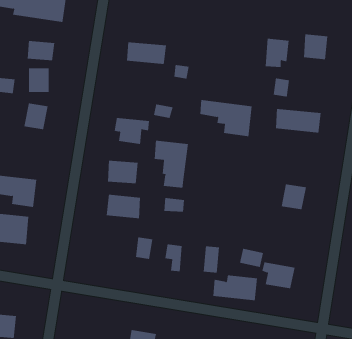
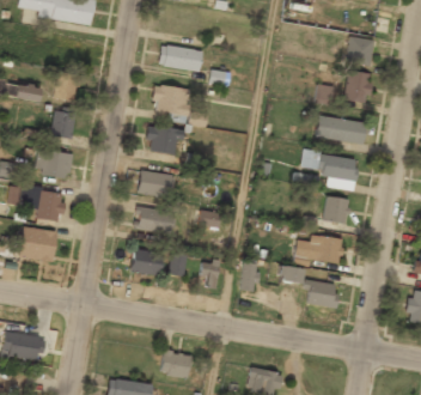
building: [265,38,290,68] -> [346,71,372,102]
building: none -> [152,84,191,117]
building: [199,99,252,137] -> [301,151,358,190]
building: [154,140,188,188] -> none
building: none -> [38,150,72,177]
building: none -> [130,248,164,276]
building: [213,275,258,301] -> [295,235,343,262]

